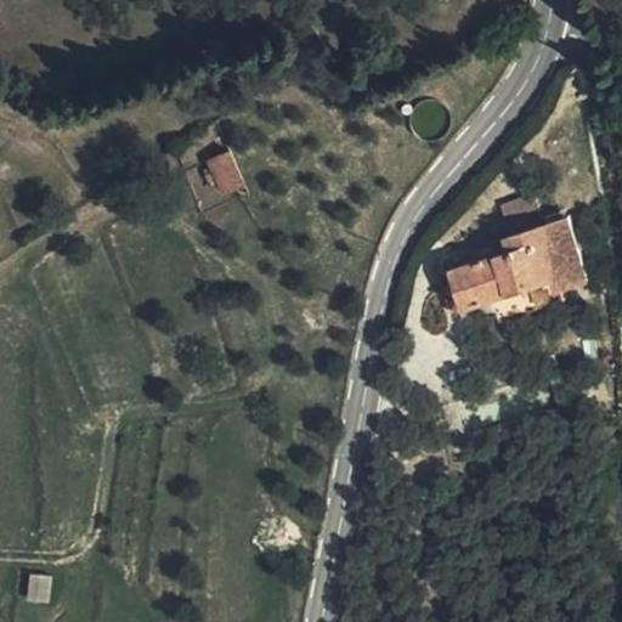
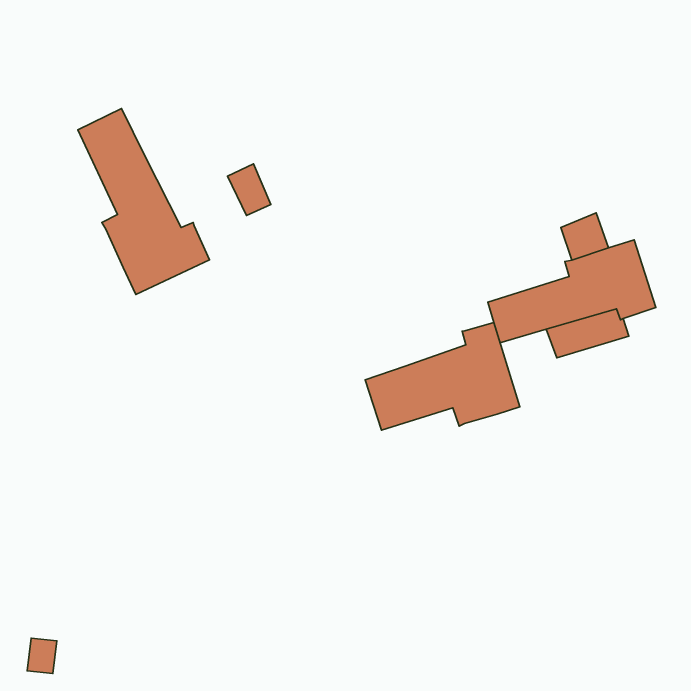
building: none -> [78,109,210,294]
building: none -> [365,323,520,430]

